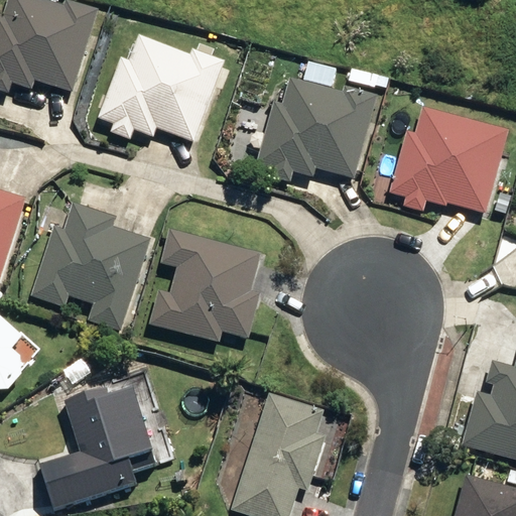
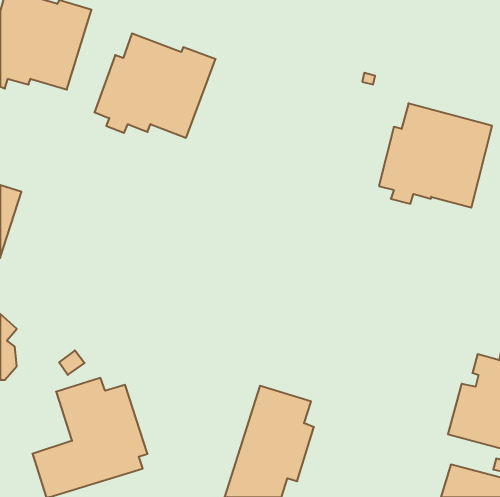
building: [258,77,376,178] -> none
building: [31,204,149,328] -> none
building: [149,228,260,341] -> none

